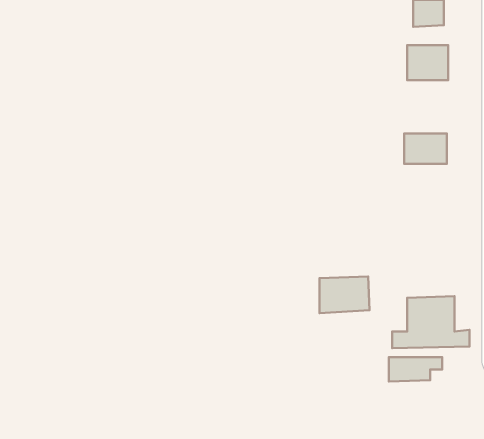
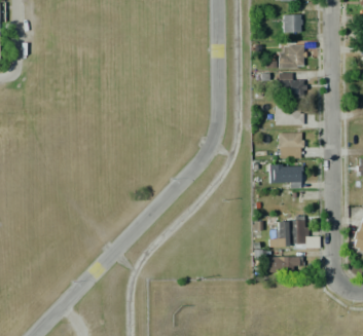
building: none -> [278,72,304,99]
building: none -> [278,132,302,158]
building: [319,277,370,313] -> [269,164,303,189]

